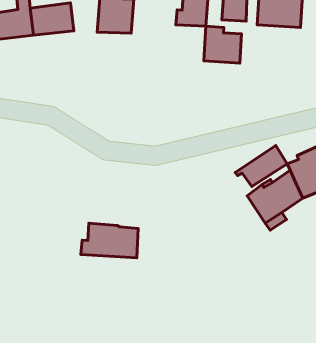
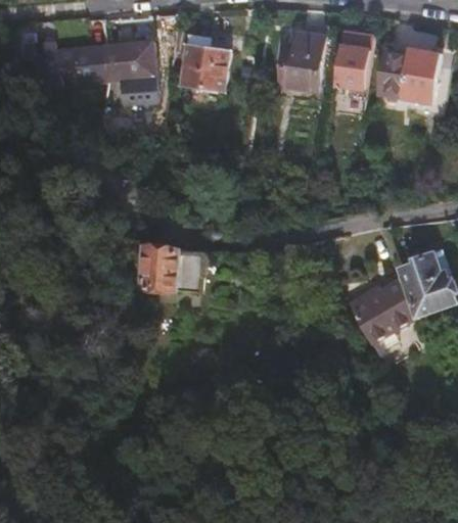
building: [204,26,242,63] -> none
building: [235,146,287,186] -> none
building: [81,223,138,258] -> [129,244,202,292]

